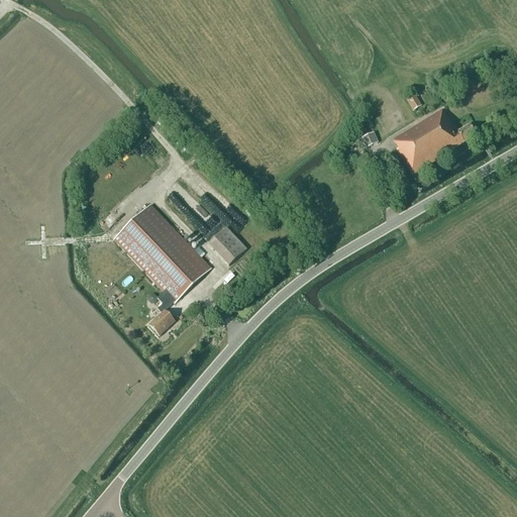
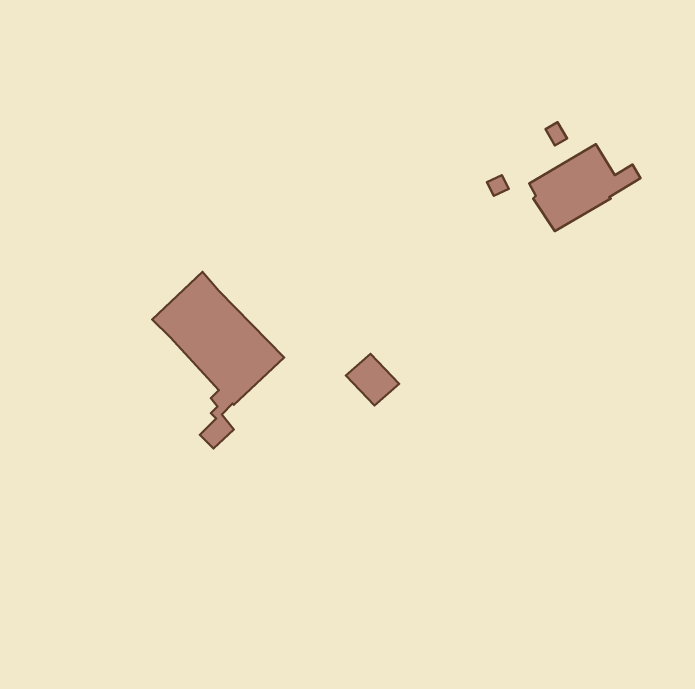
building: [207,225,246,264] -> [346,354,399,406]

